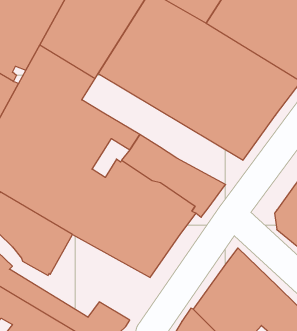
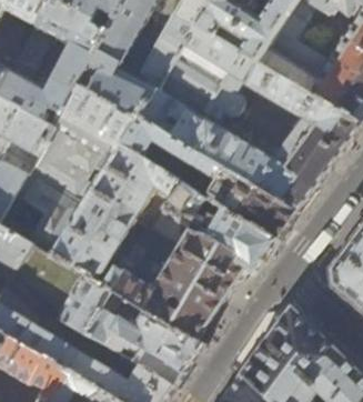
building: none -> [118,118,293,239]
building: none -> [83,293,199,386]

